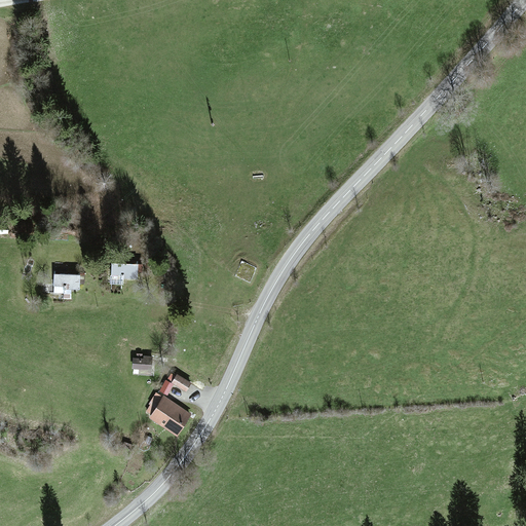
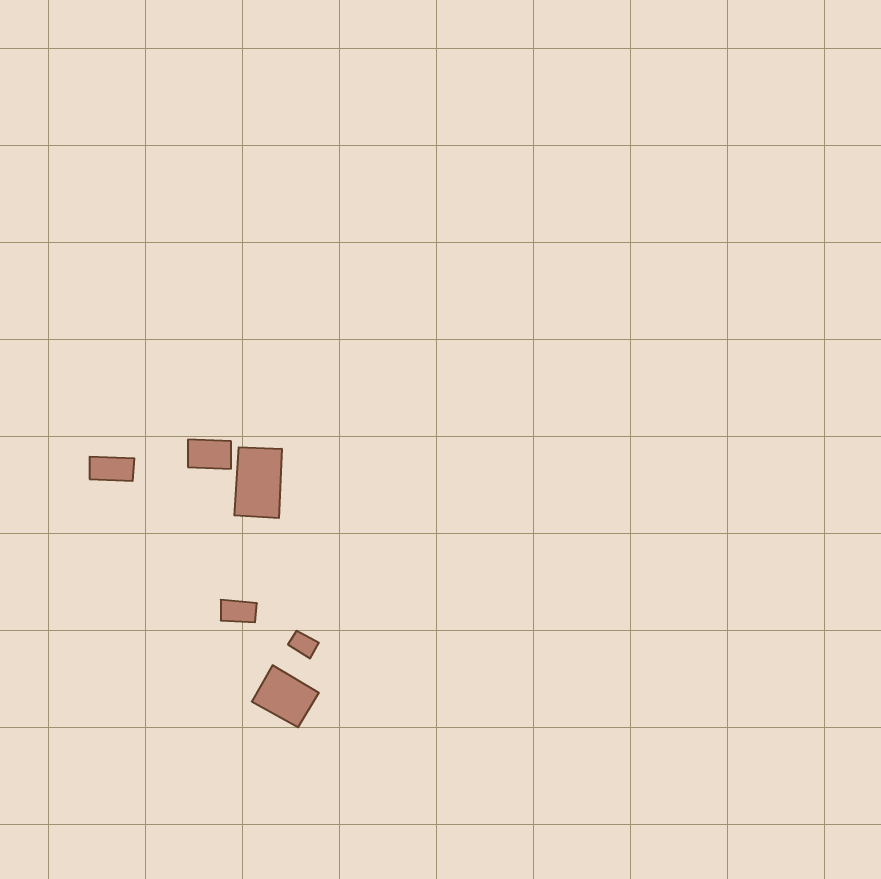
building: none -> [234,447,282,518]

